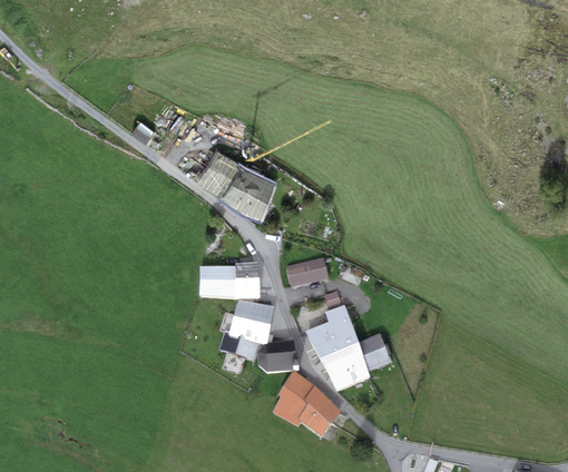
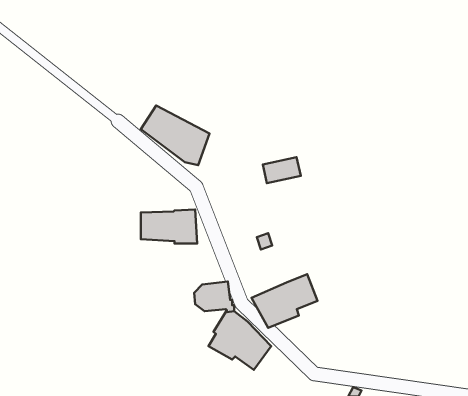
building: [287,256,329,284] -> [263,157,301,183]
building: [219,302,275,361] -> none
building: [304,306,358,360] -> none

